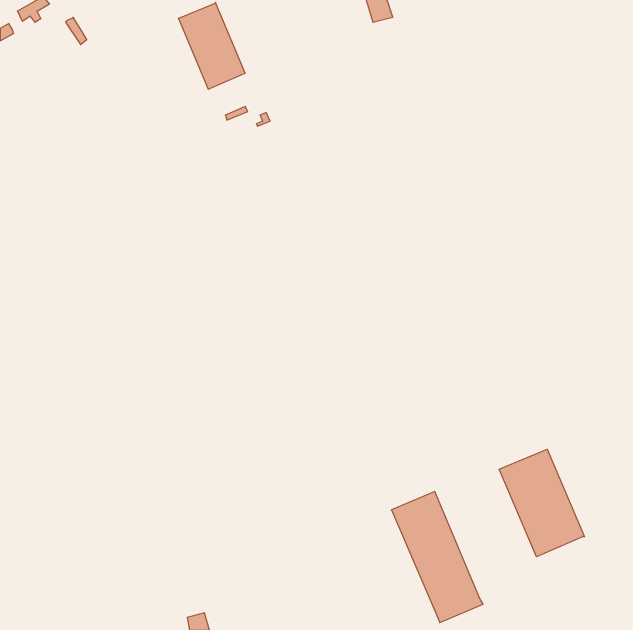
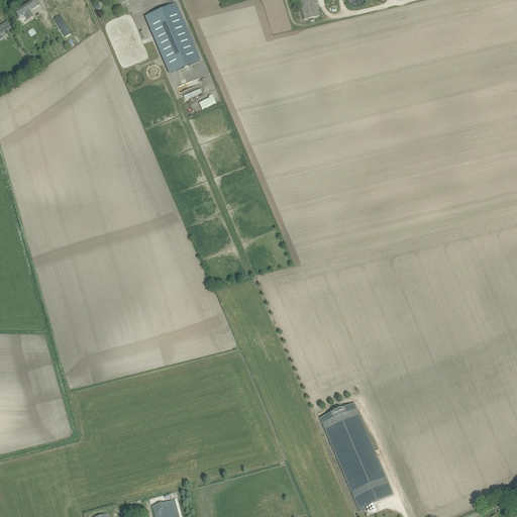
building: [499,449,585,557] -> none

